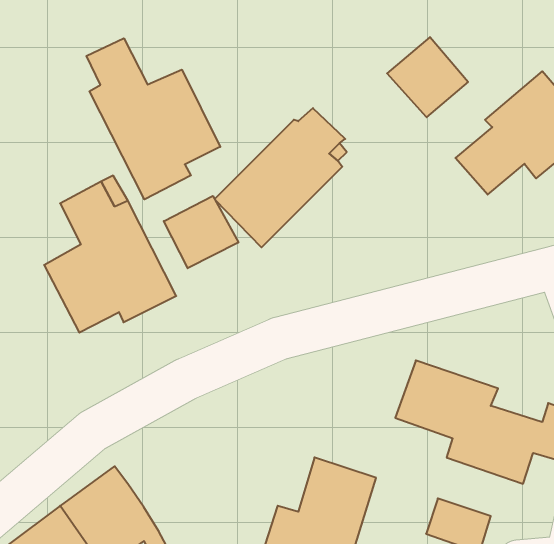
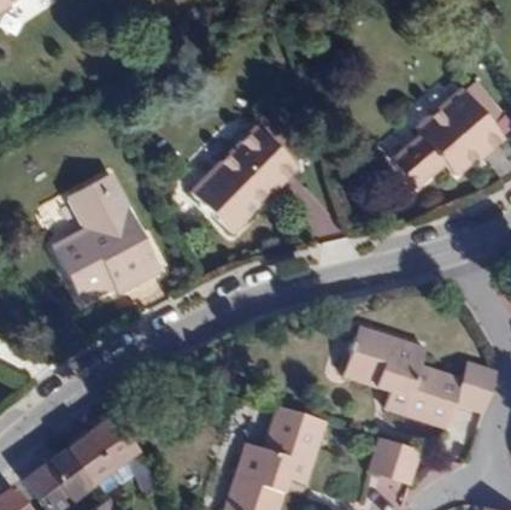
building: [387,37,468,117] -> none
building: [86,38,220,199] -> none
building: [164,196,238,268] -> none

